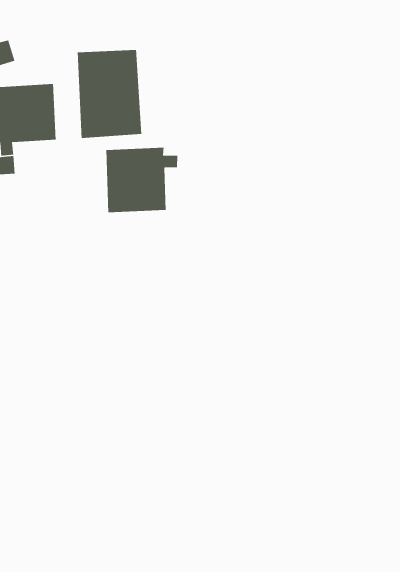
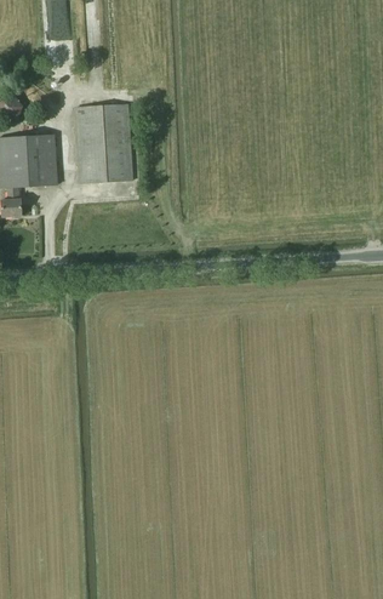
building: [105,147,178,213] -> none

